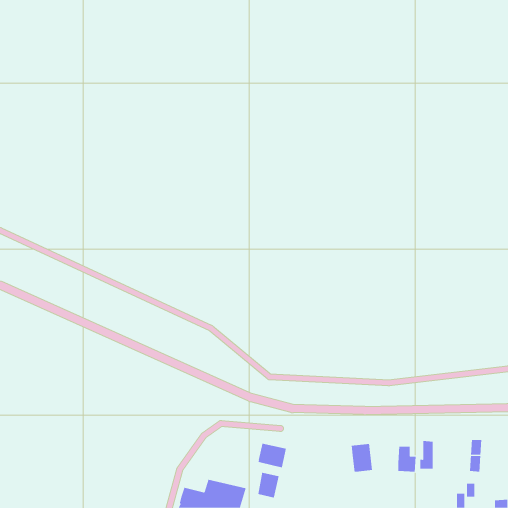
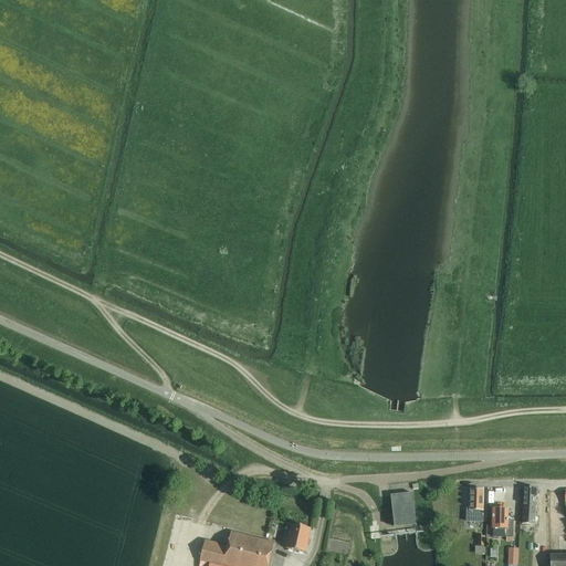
building: [258,443,286,468] -> none
building: [398,446,416,472] -> [492,510,513,538]

